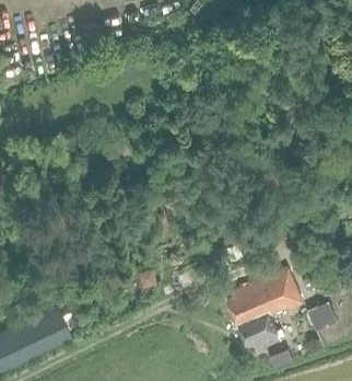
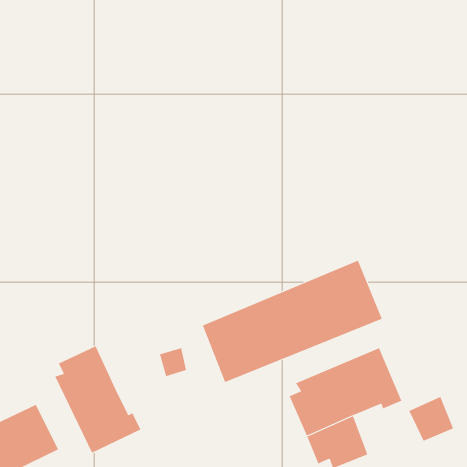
building: none -> [202,260,383,383]
building: none -> [55,346,141,454]

